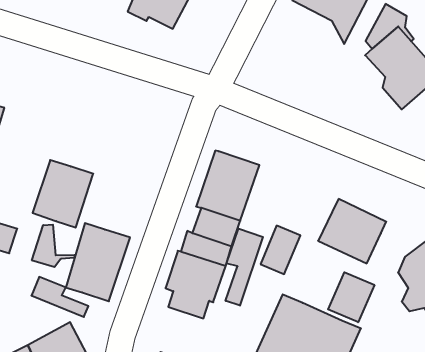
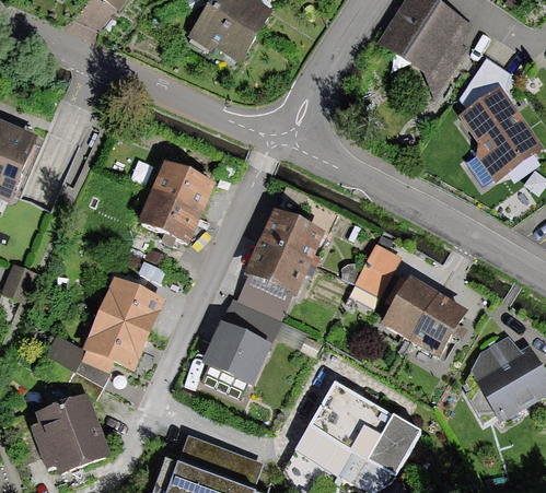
building: [33,160,93,228] -> [138,163,212,244]
building: [32,225,75,267] -> none
building: [261,226,300,274] -> [353,243,403,300]
building: [226,229,263,306] -> none
building: [328,272,374,322] -> none

